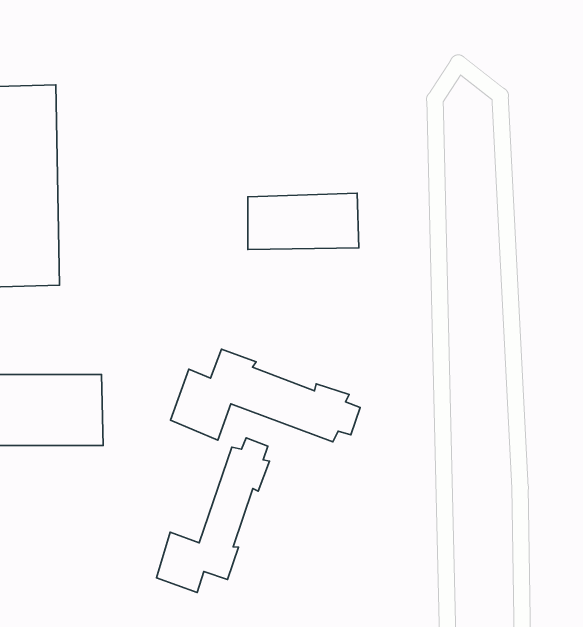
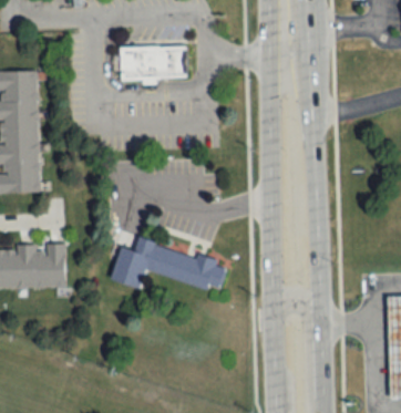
building: [248,193,359,250] -> [117,44,185,79]
building: [156,438,270,593] -> none

